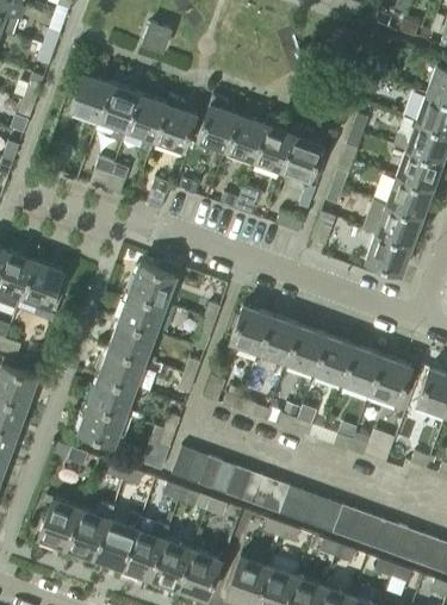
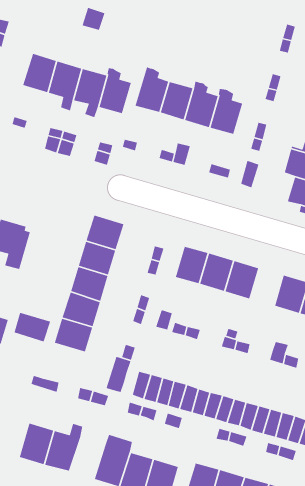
building: [315,337,355,382] -> none
building: [77,408,122,445] -> [14,312,51,342]
building: [94,512,142,568] -> none

